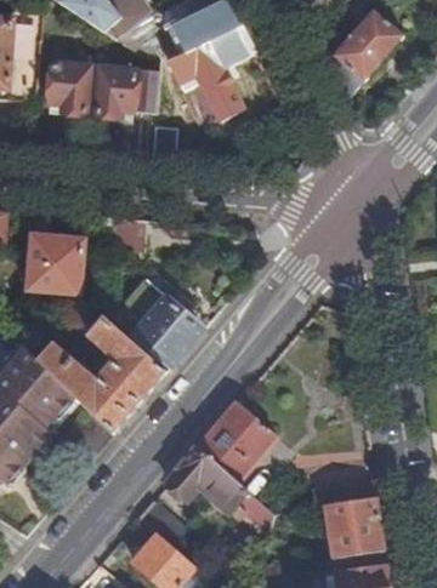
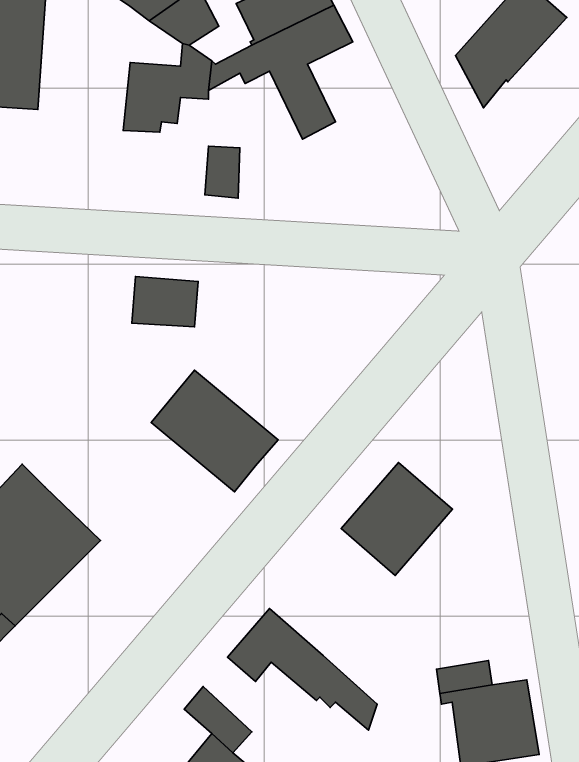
building: [49,63,90,113] -> none
building: [28,234,84,292] -> none
building: [40,312,166,434] -> none
building: [197,401,274,480] -> [341,462,452,575]

